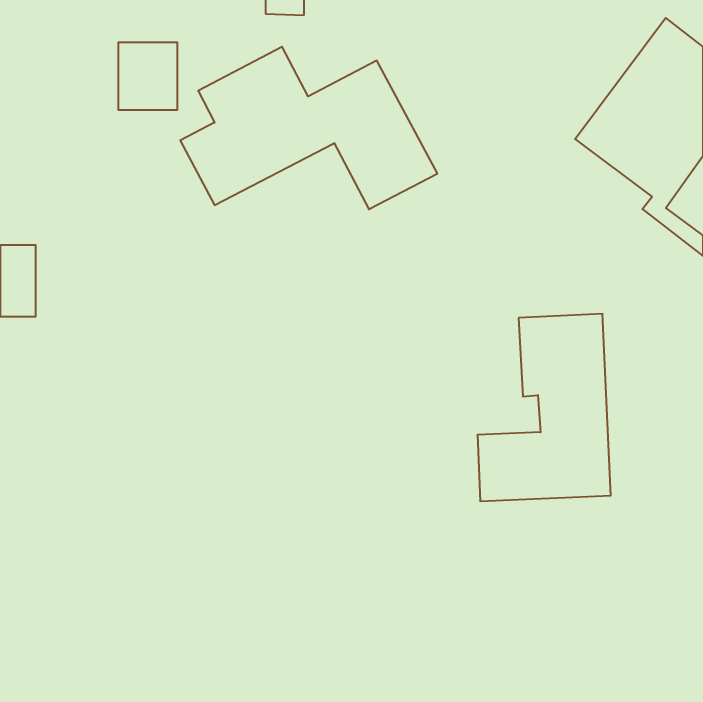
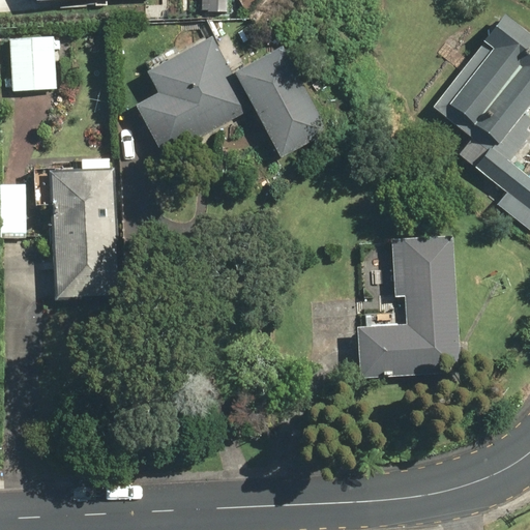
building: [118,42,177,110] -> [11,38,56,89]
building: none -> [53,157,118,297]

